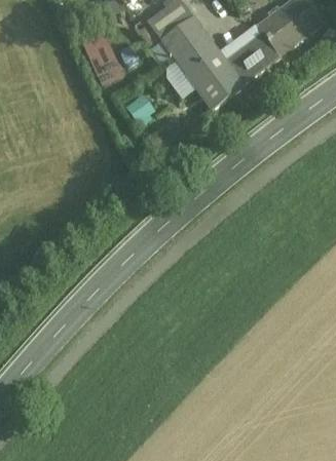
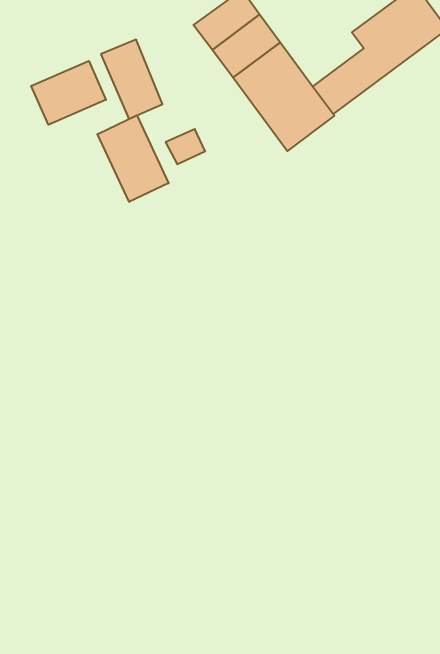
building: none -> [31,61,106,125]
building: none -> [97,115,169,202]

